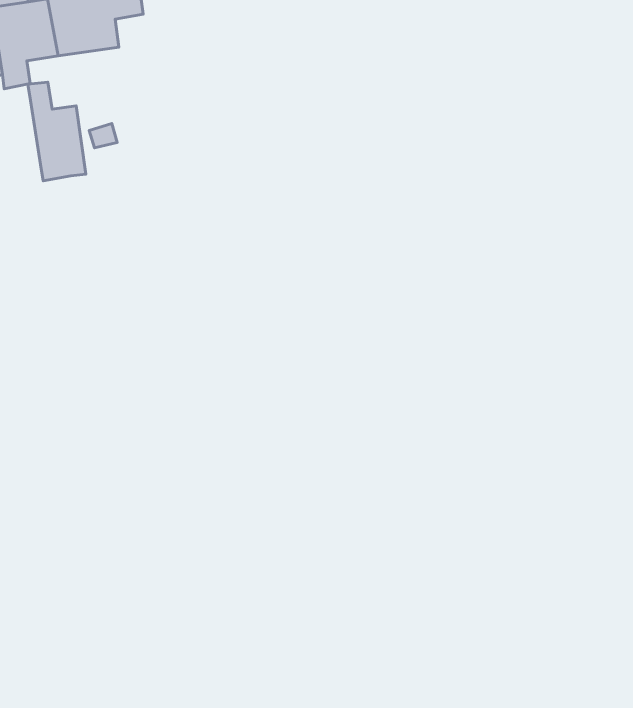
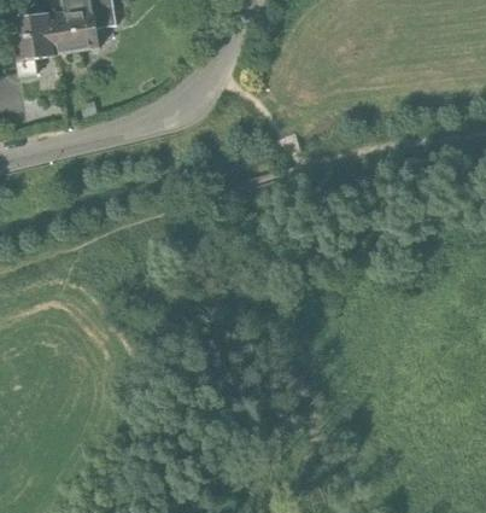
building: [28,82,86,181] -> none

